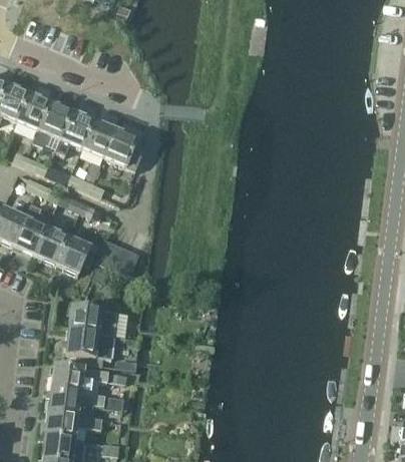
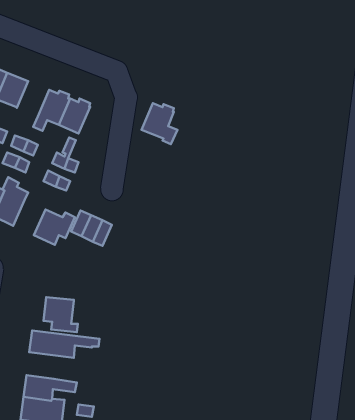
building: [31,102,72,147] -> none
building: [103,129,141,172] -> [141,103,178,144]
building: [34,227,68,265] -> none
building: [69,306,117,336] -> none
building: [48,388,124,418] -> none

